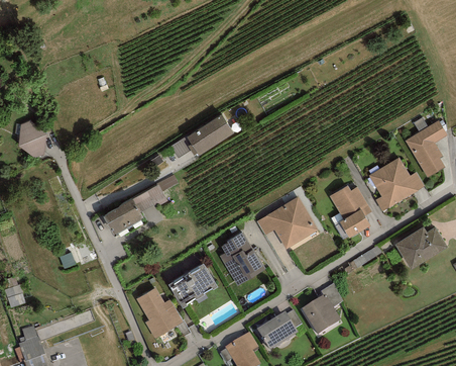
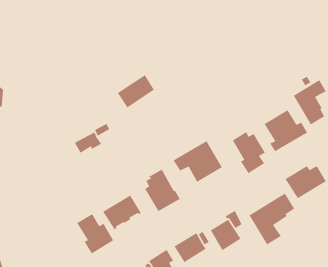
building: [102,198,143,235] -> none
building: none -> [248,192,295,245]

